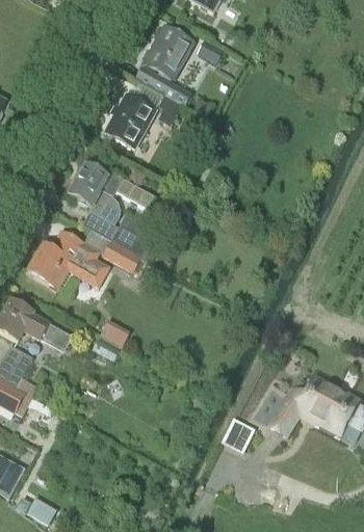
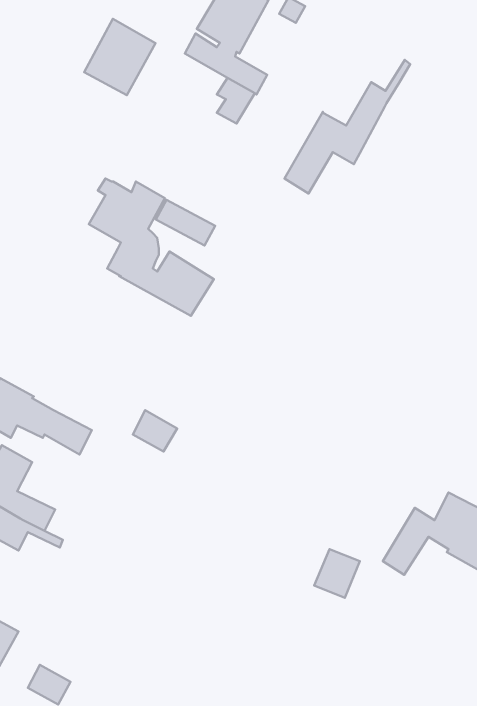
building: none -> [284,60,410,193]
building: [105,95,154,147] -> [84,19,156,95]
building: [27,230,139,288] -> none

